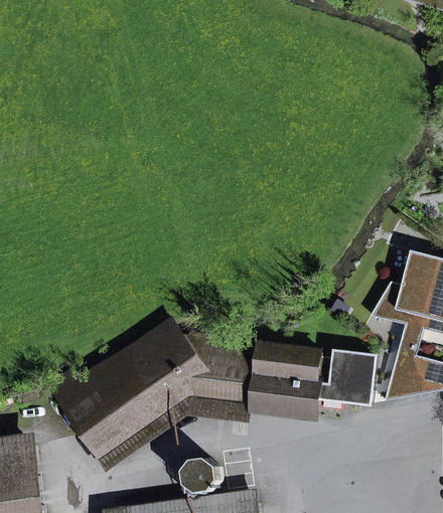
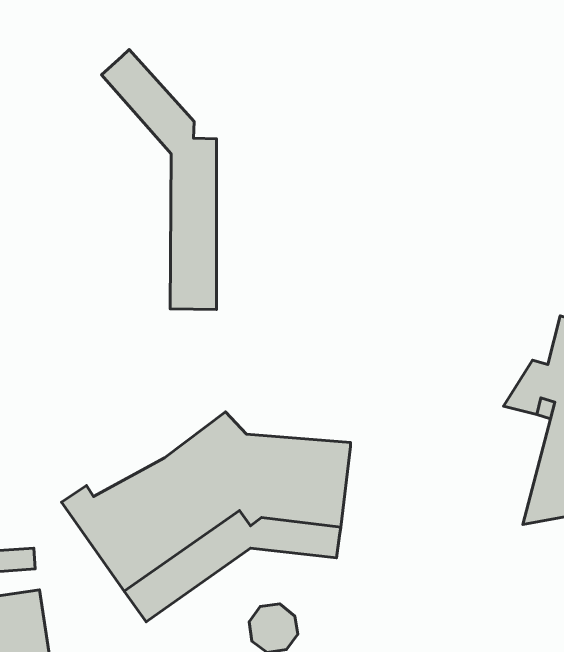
building: none -> [101,49,217,310]
building: [252,344,377,416] -> none

